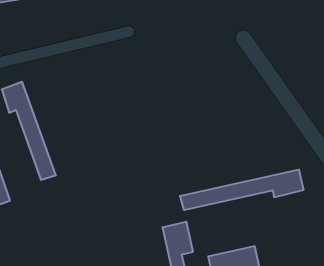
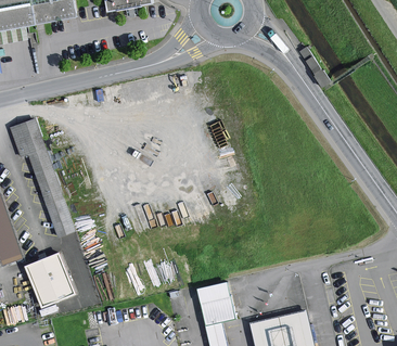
building: [180,170,303,210] -> none
building: none -> [23,254,74,309]

